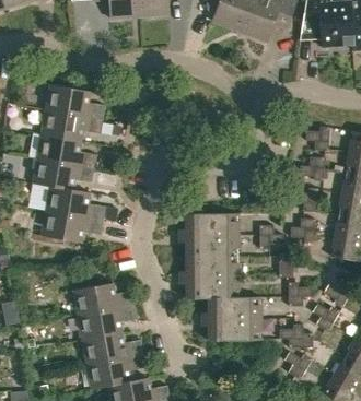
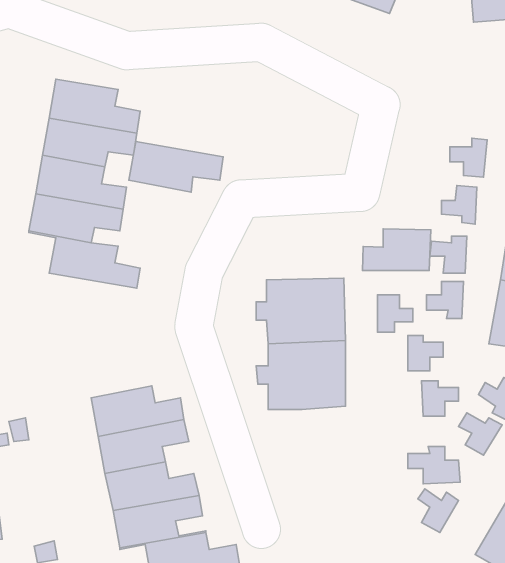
building: none -> [362,229,431,271]
building: [40,211,102,244] -> [129,142,223,192]
building: [202,297,260,340] -> none

